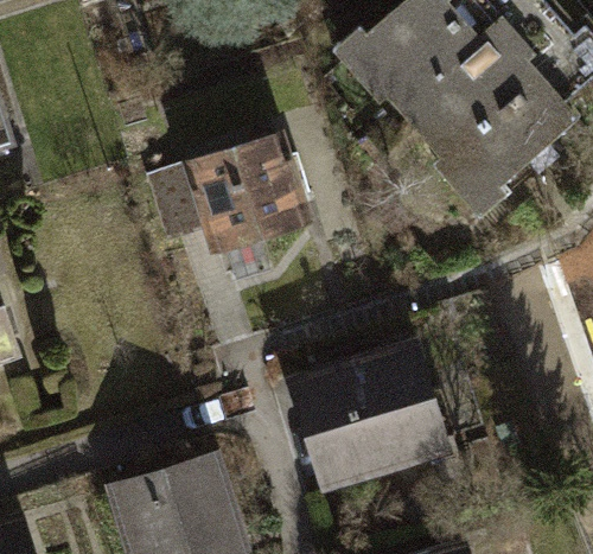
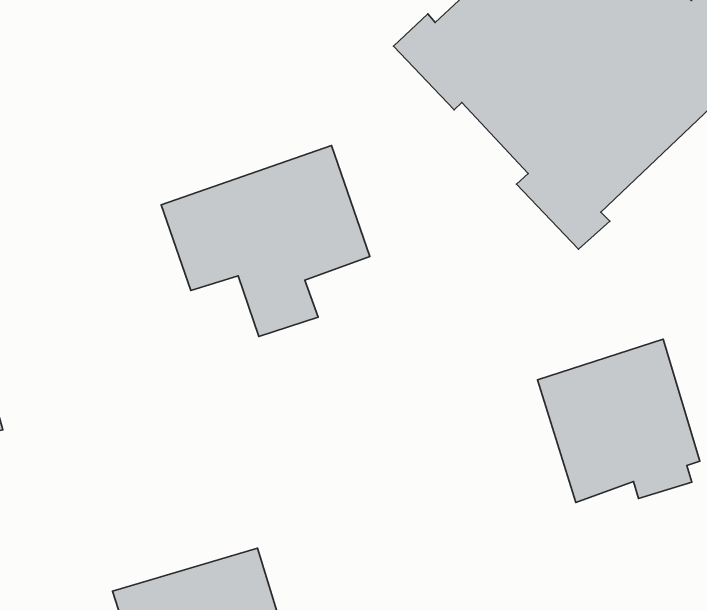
building: none -> [538,339,700,502]
building: [282,338,452,495] -> none

